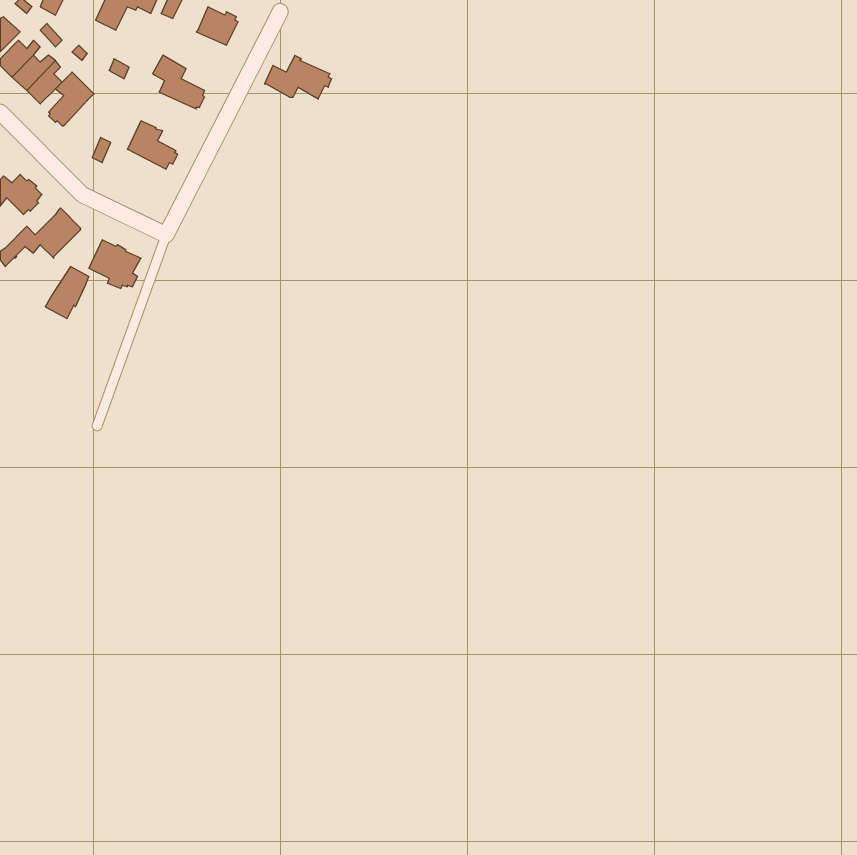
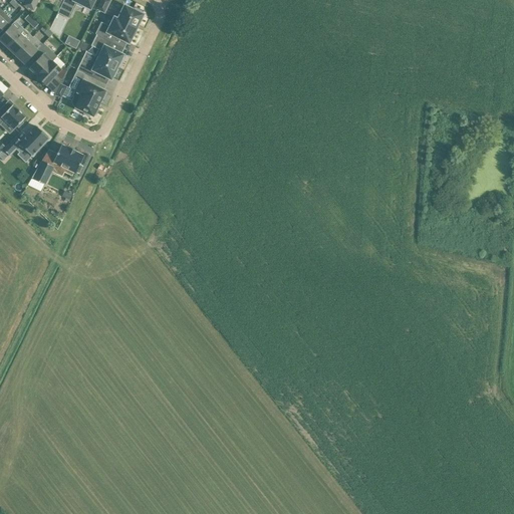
building: [265,55,332,99] -> [96,16,137,42]
building: none -> [77,55,117,78]
building: none -> [37,60,67,84]
building: none -> [72,89,99,115]

